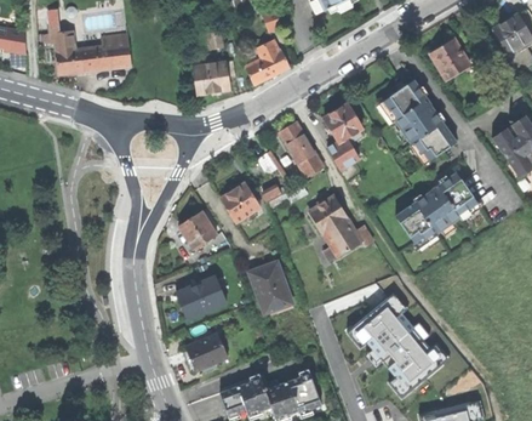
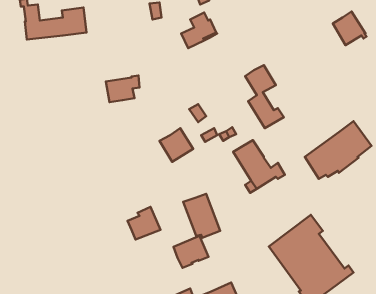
building: [194,59,235,92] -> [106,75,140,102]
building: [383,81,454,161] -> none
building: [279,120,322,176] -> none
building: [178,210,216,249] -> none
building: [185,331,228,370] -> [174,236,208,268]

